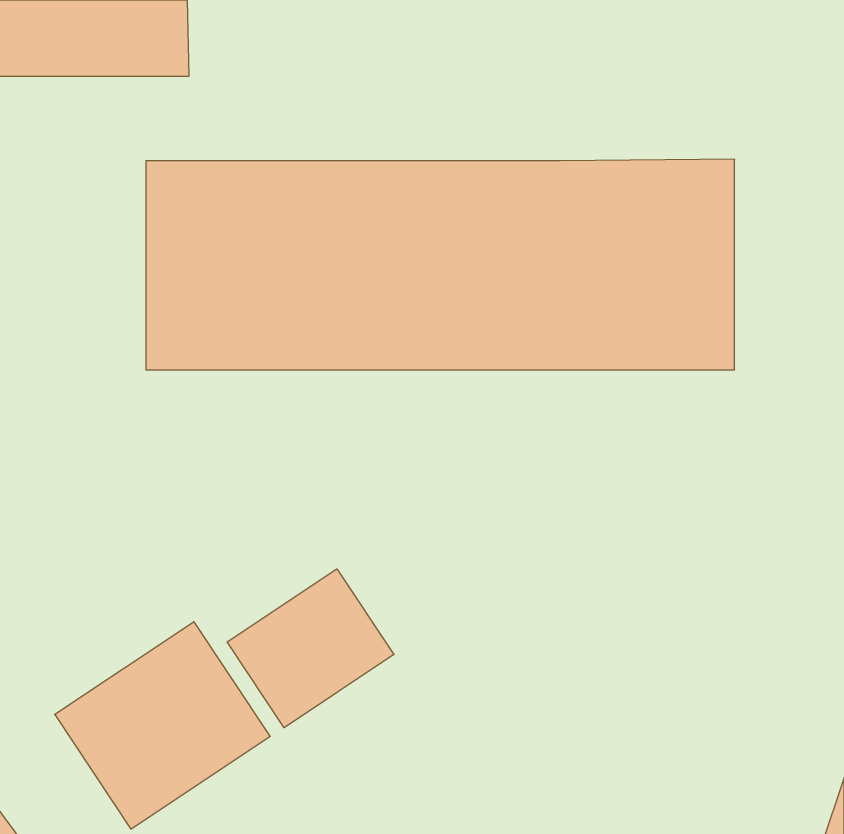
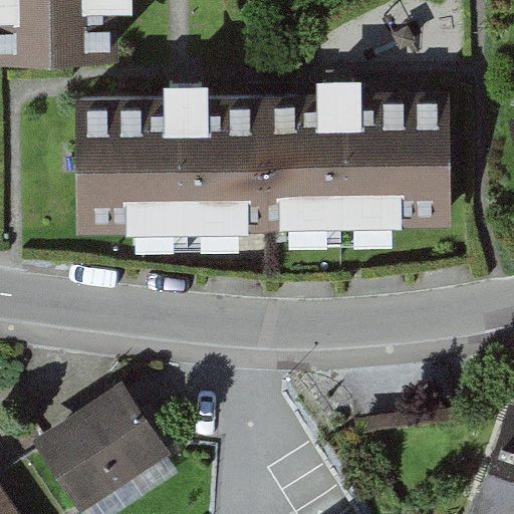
building: [227,569,394,728] -> none

